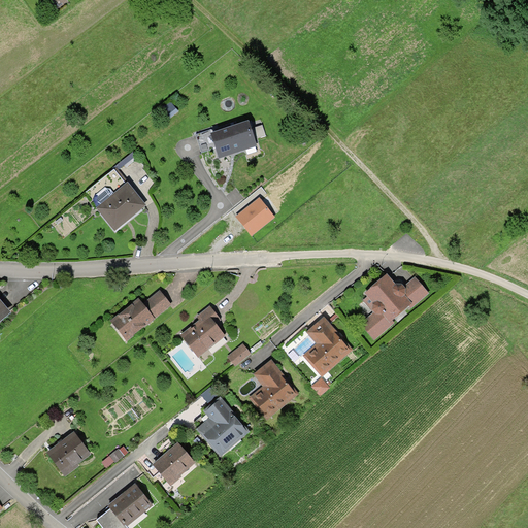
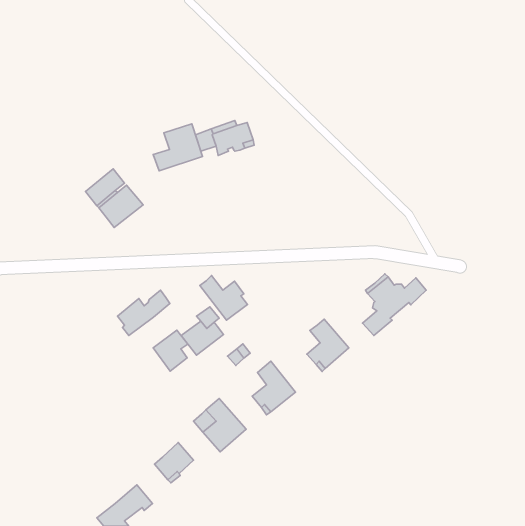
building: none -> [153,124,202,171]
building: [234,196,274,234] -> none
building: none -> [200,276,247,320]
building: none -> [153,330,188,371]
building: [50,434,88,469] -> none

